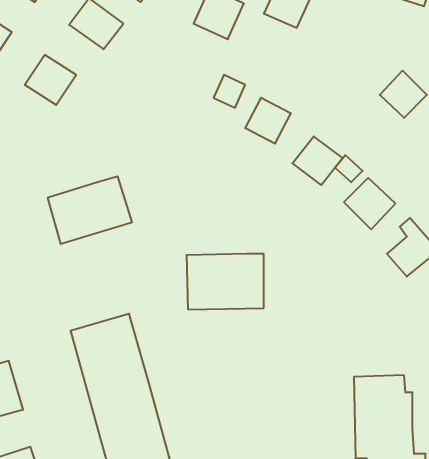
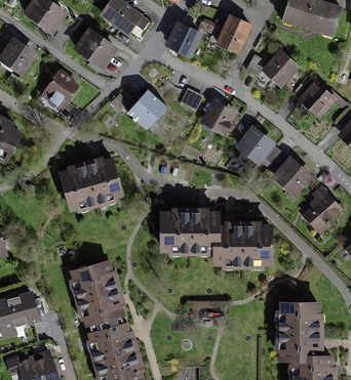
building: none -> [264,52,296,84]
building: none -> [128,88,167,127]
building: none -> [216,227,268,263]

